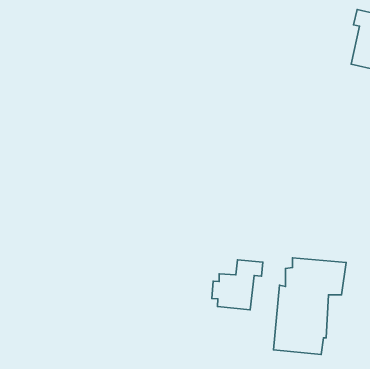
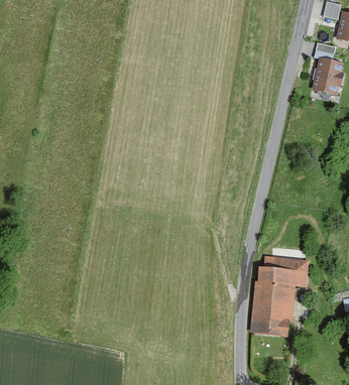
building: [212,260,263,310] -> none

